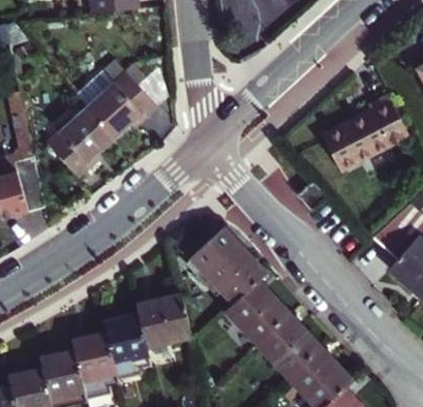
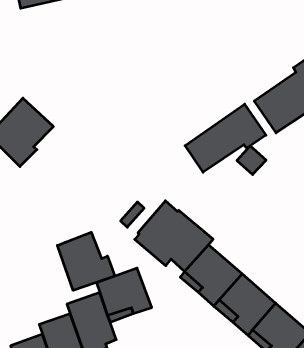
building: [74,69,155,138] -> none
building: none -> [185,104,266,172]
building: none -> [57,232,115,290]

